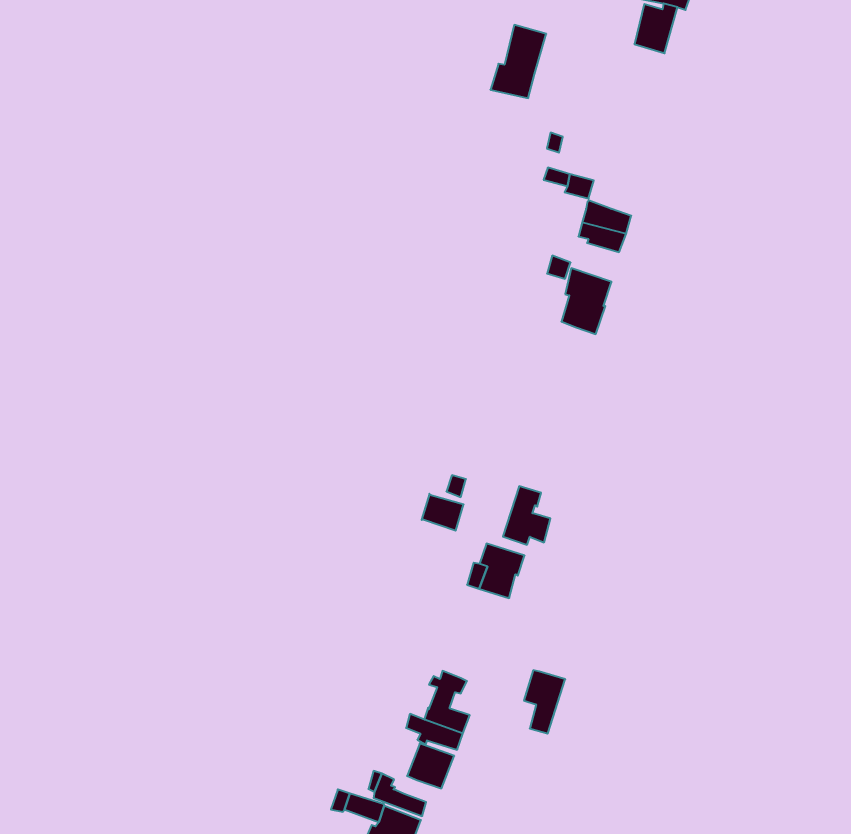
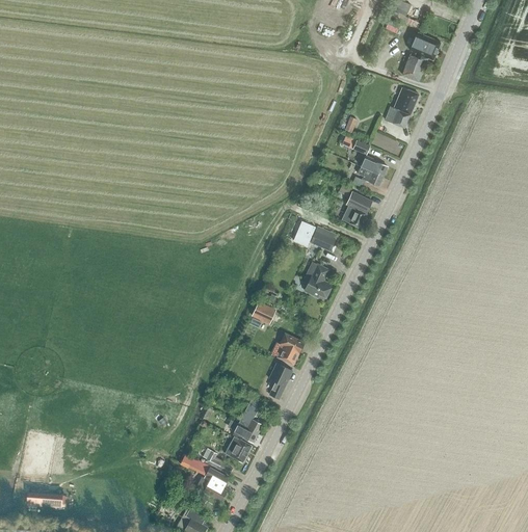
building: [490,25,546,98] -> [385,86,419,127]
building: none -> [297,218,335,250]
building: [503,486,550,545] -> [305,264,332,296]
building: [524,670,565,734] -> [268,363,292,398]

